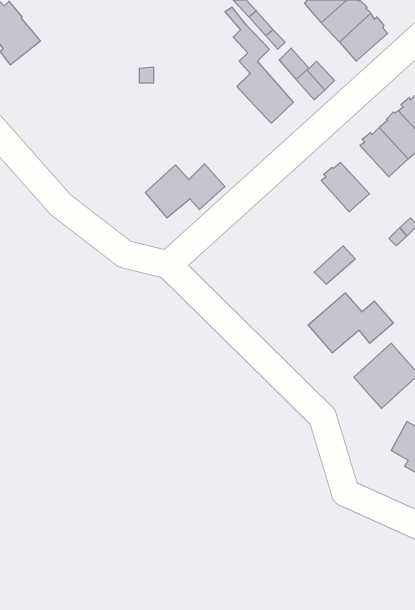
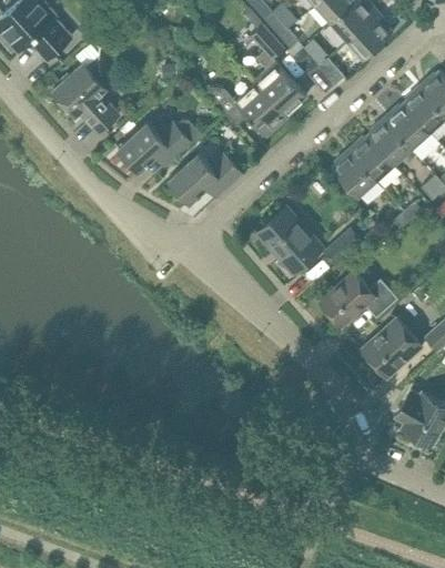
building: none -> [52,63,119,134]
building: none -> [206,84,289,138]
building: none -> [119,121,201,172]
building: none -> [350,136,394,181]
building: none -> [257,207,323,278]

